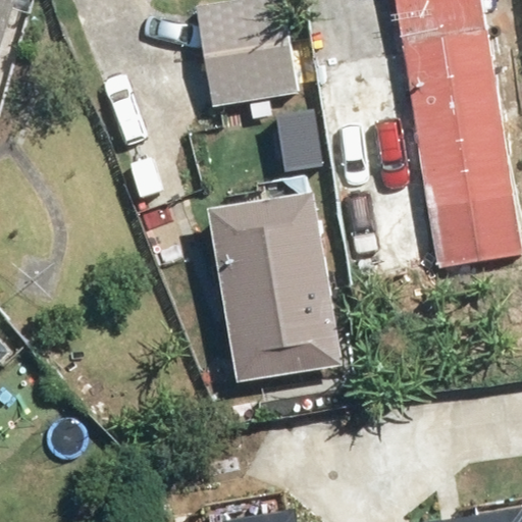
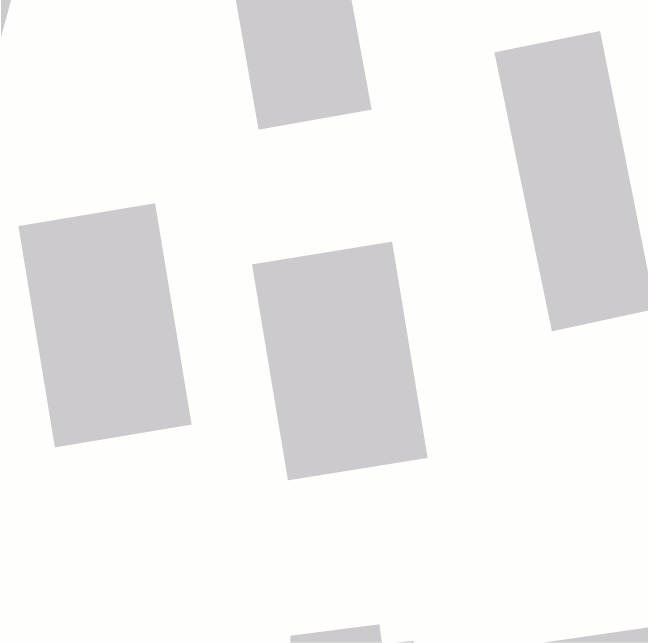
building: none -> [18,202,192,448]

